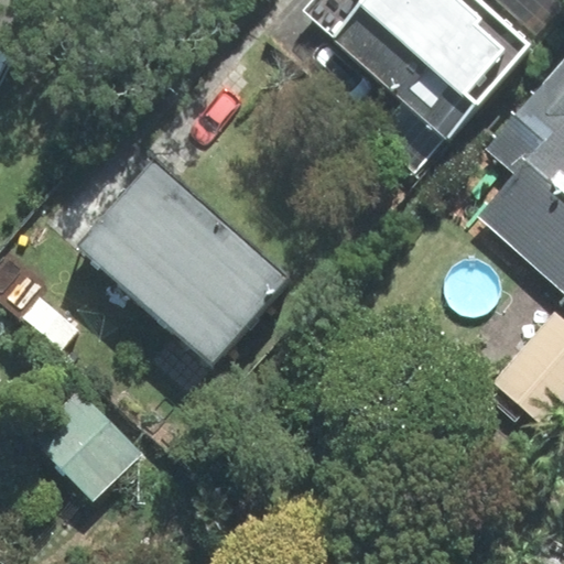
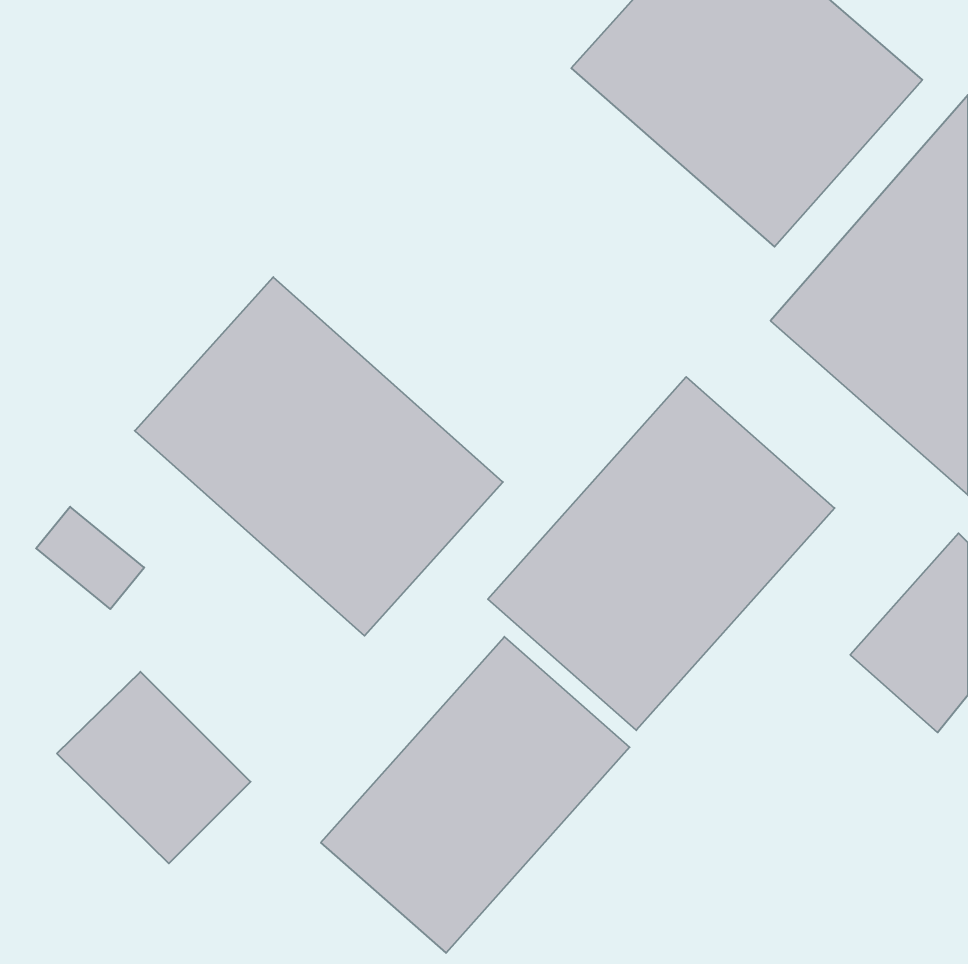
building: none -> [488,377,835,730]
building: none -> [321,637,630,953]

